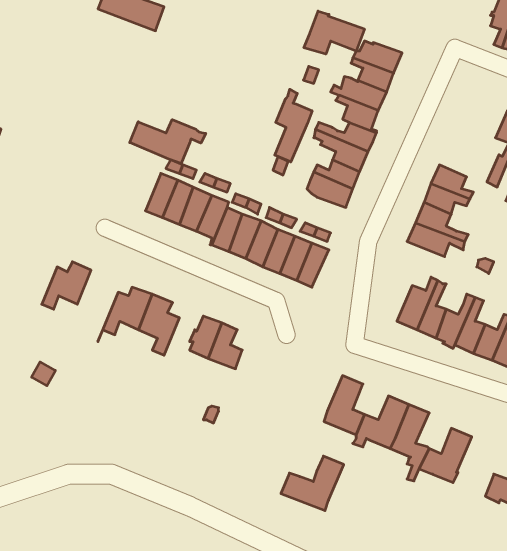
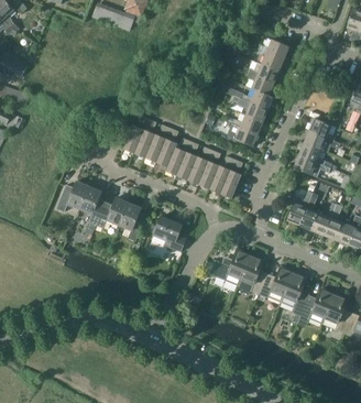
building: [304,11,364,54] -> none
building: [275,89,312,162] -> none
building: [130,120,206,163] -> none
building: none -> [79,186,106,232]
building: none -> [325,294,349,333]
building: [281,456,344,511] -> [210,249,251,284]

